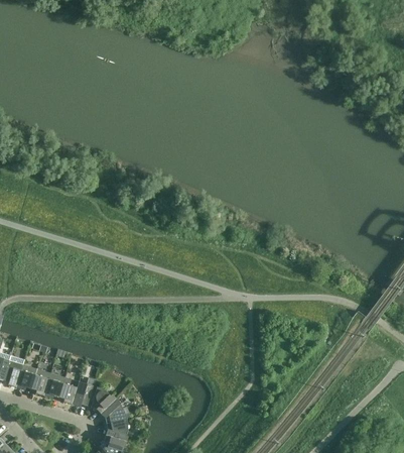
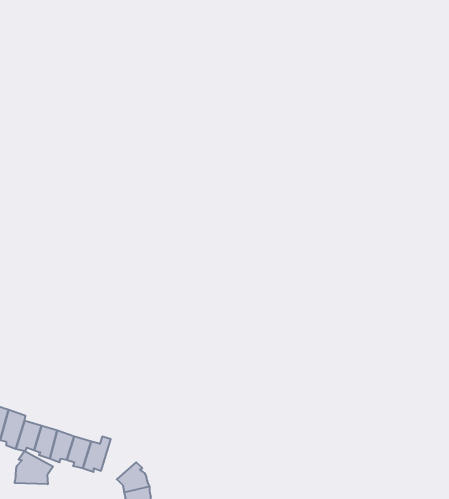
building: [91,386,116,413] -> none
building: none -> [15,451,53,484]

